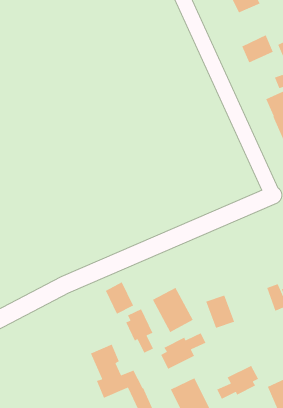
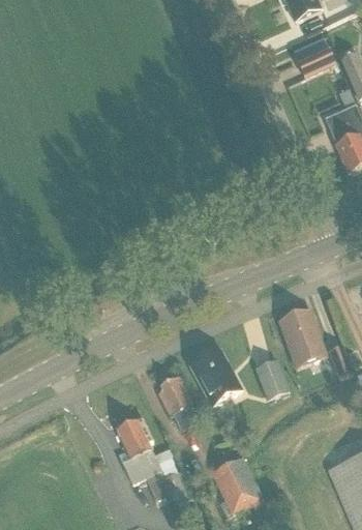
building: none -> [278,311,325,364]
building: [105,281,134,315] -> none
building: [160,332,207,370] -> none
building: [216,365,259,400] -> none

